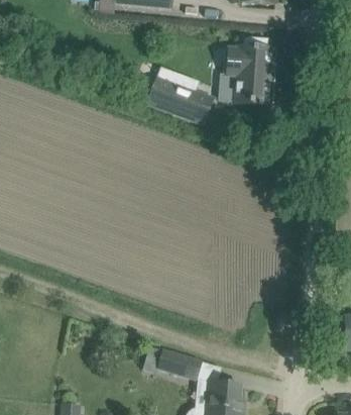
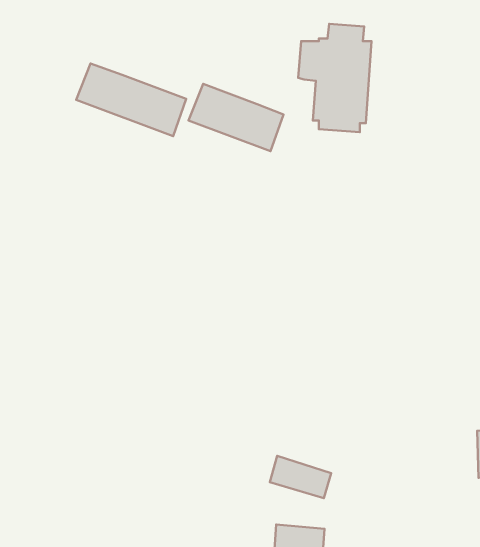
building: none -> [76,63,186,136]
building: [157,349,200,379] -> [270,456,331,498]

